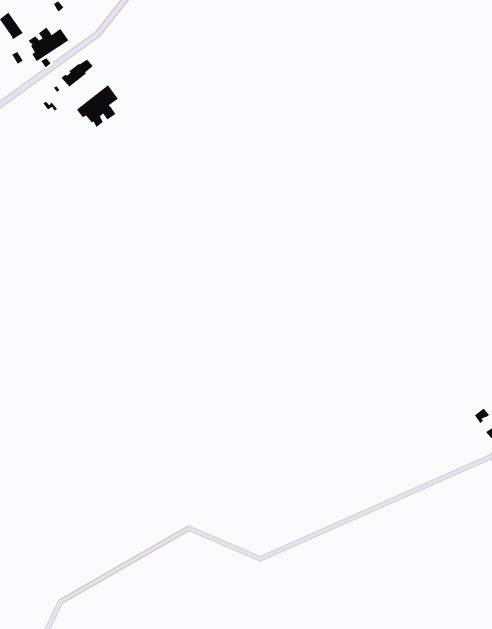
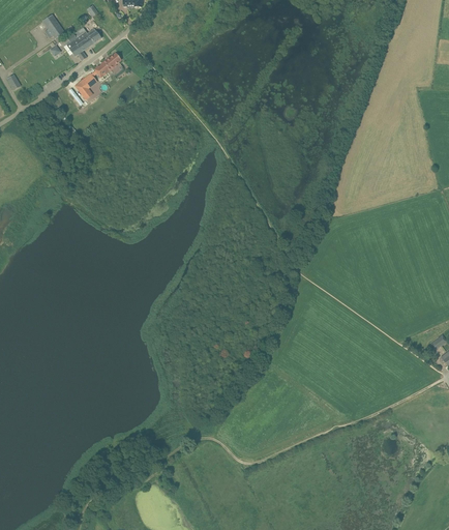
building: [76,84,119,128] -> none

